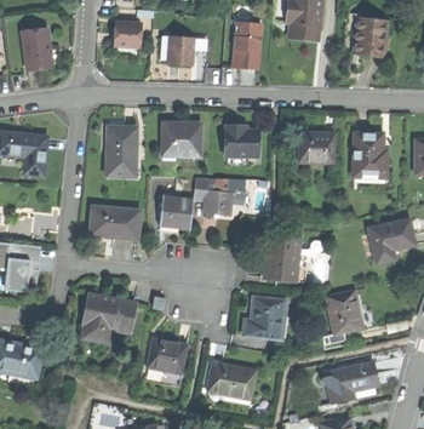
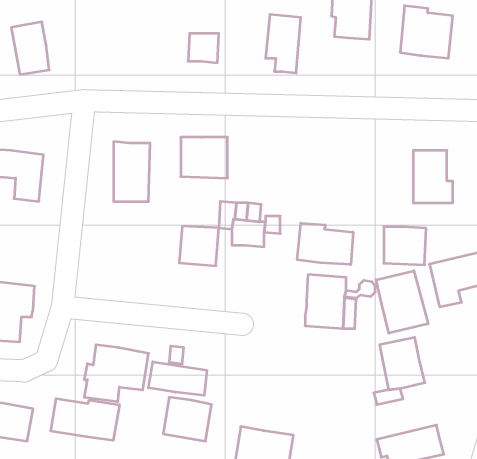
building: [111,21,141,46] -> none
building: [225,125,259,156] -> none
building: [298,132,333,164] -> [384,227,426,265]
building: none -> [297,223,353,265]
building: [90,206,139,239] -> none
building: none -> [376,271,428,333]
building: [242,298,285,339] -> none
building: none -> [148,362,207,395]
building: none -> [51,399,119,440]

